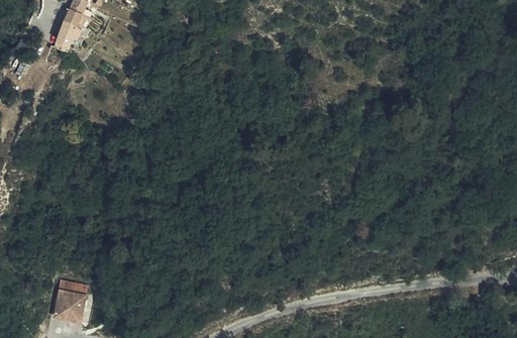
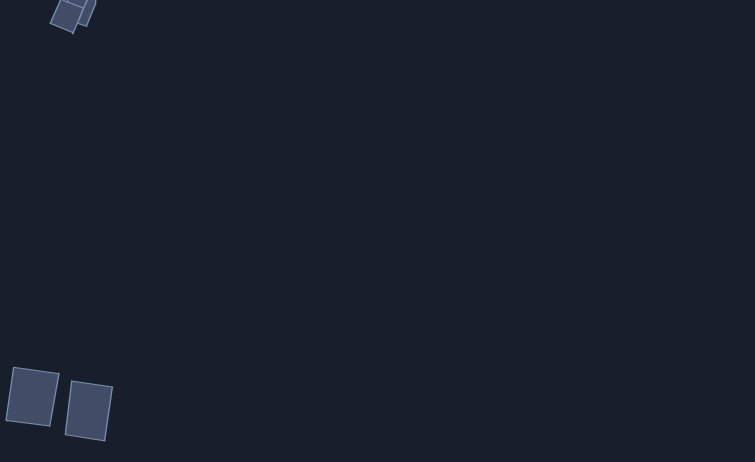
building: none -> [6,367,59,426]

